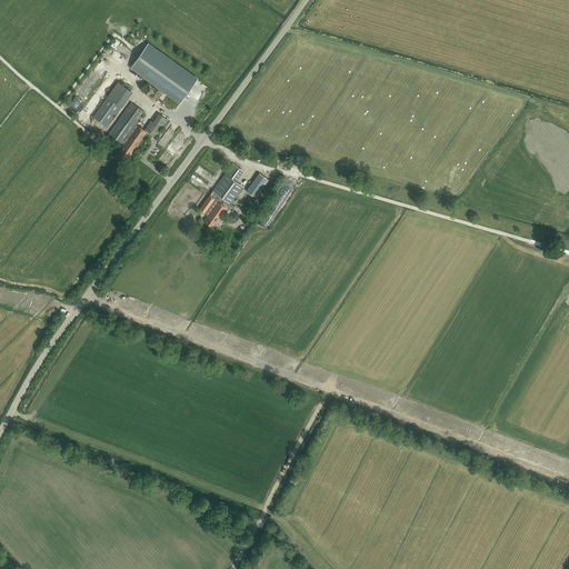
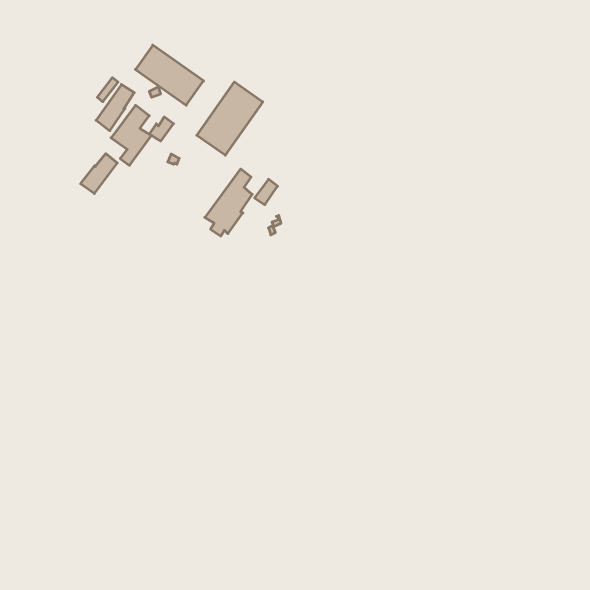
building: none -> [197,82,263,155]
building: none -> [81,154,117,194]

